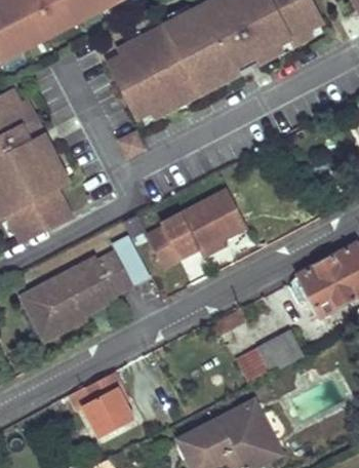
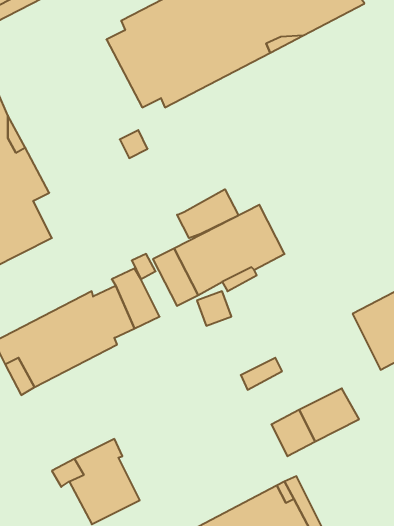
building: none -> [177,189,239,238]

